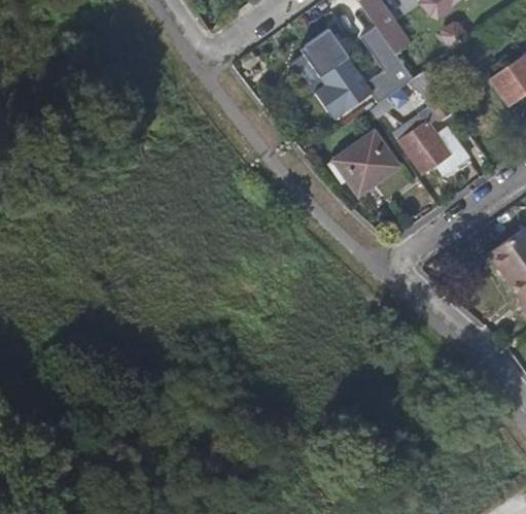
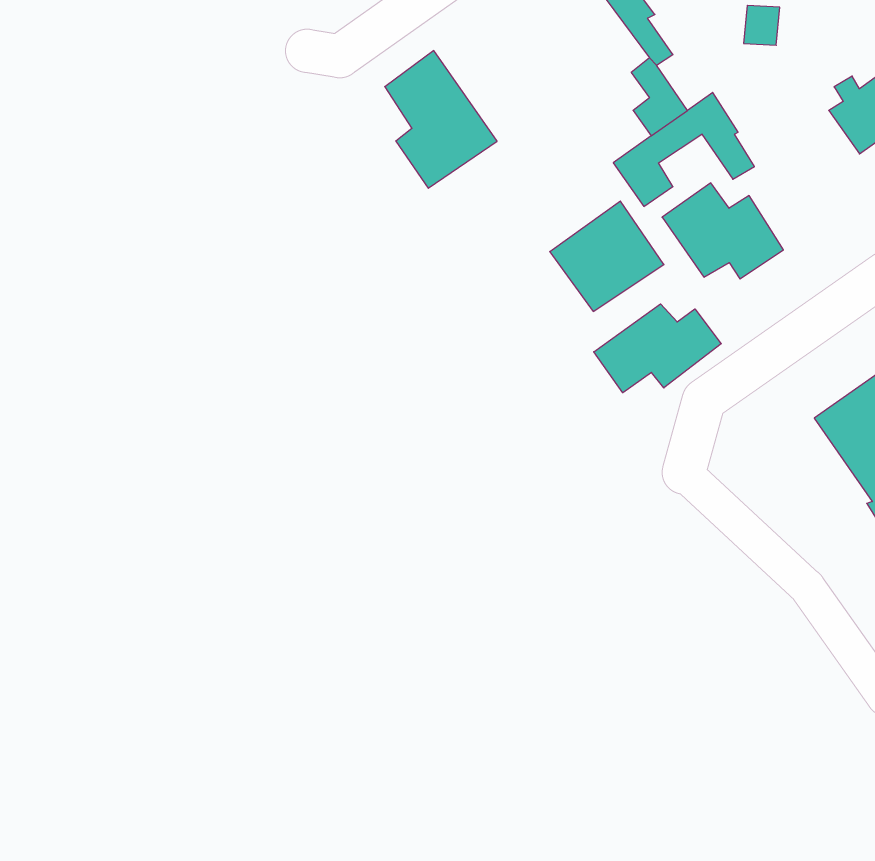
building: [305,42,369,121] -> [385,51,497,188]
building: none -> [594,304,721,393]

